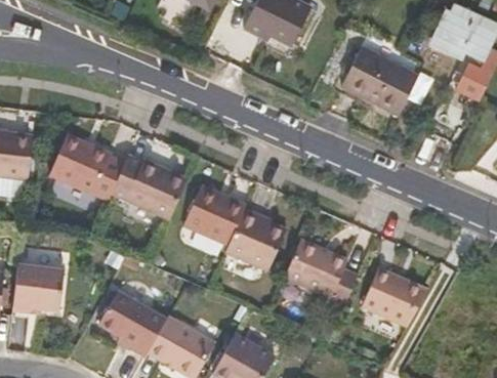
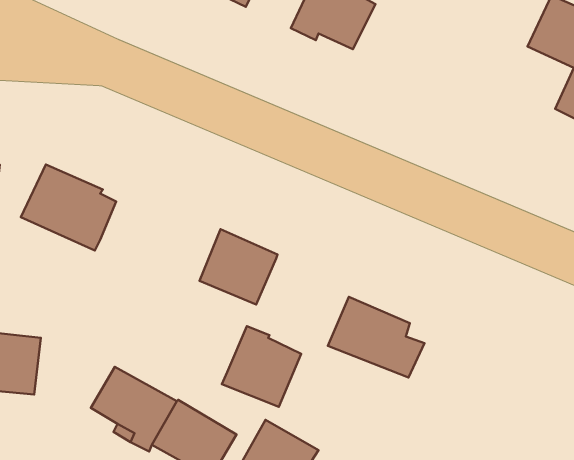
building: [343,45,420,112] -> none
building: [105,155,181,218] -> none
building: [221,207,283,269] -> [222,326,301,407]
building: [361,263,420,321] -> none

